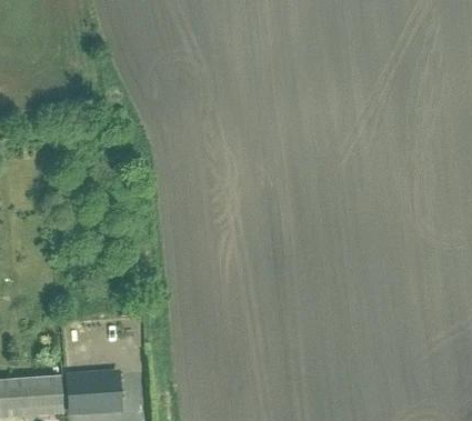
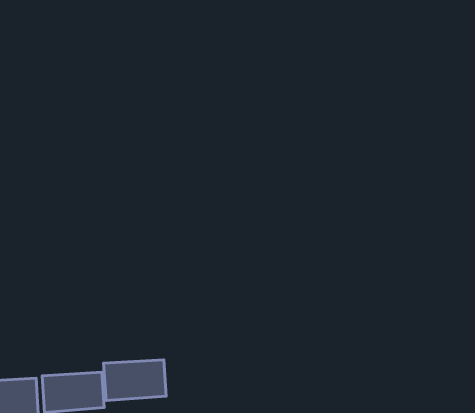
building: none -> [104,360,166,400]

